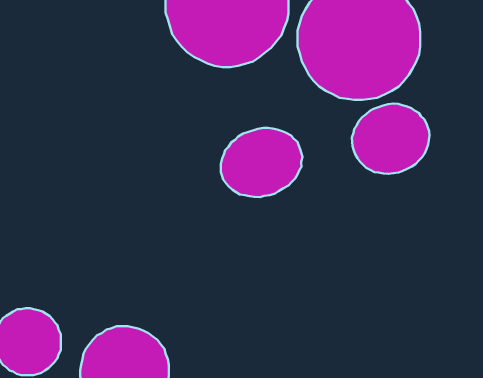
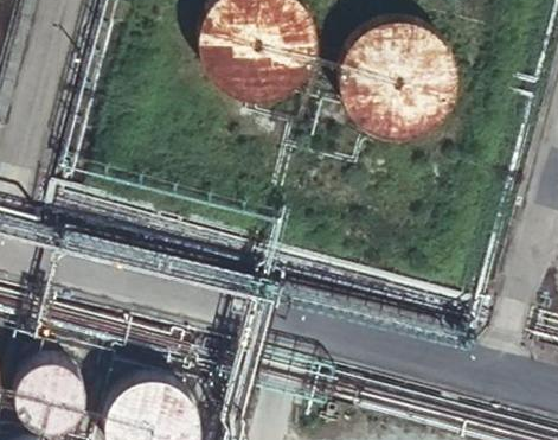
building: [352,103,429,174] -> none
building: [221,128,303,197] -> none

